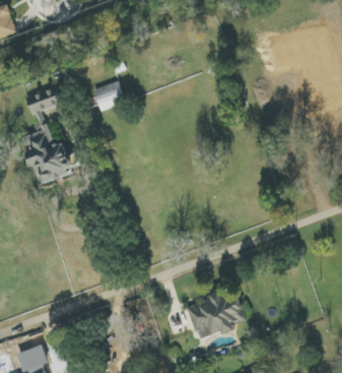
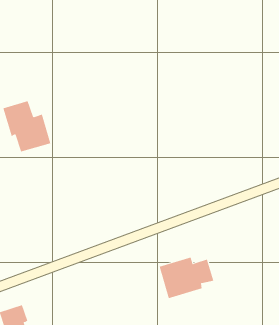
building: [93,81,125,110] -> none
building: [27,86,60,113] -> none

